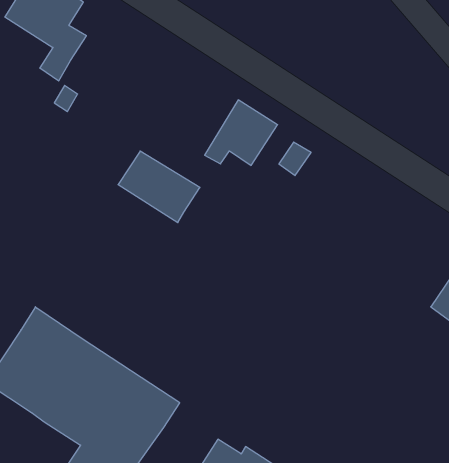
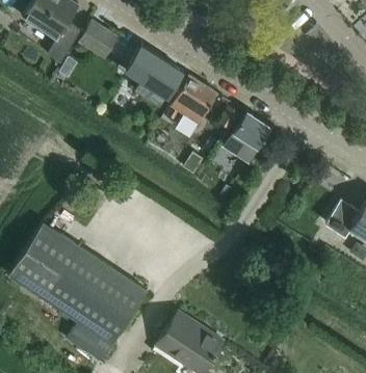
building: none -> [80,21,117,56]
building: none -> [223,112,271,164]
building: [118,151,200,223] -> [126,46,184,97]

